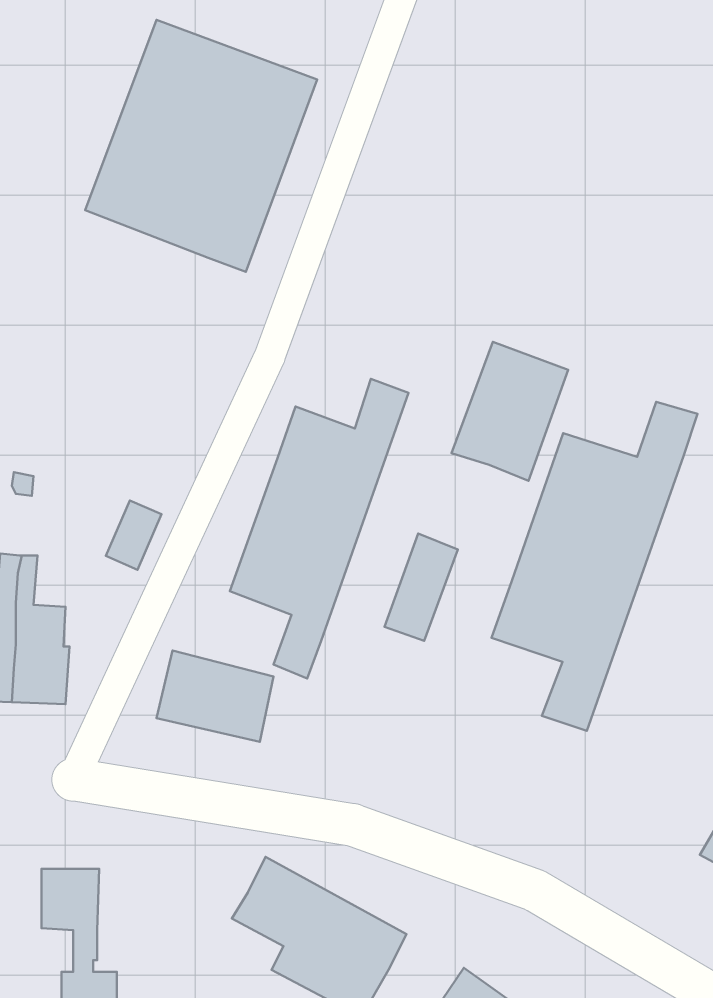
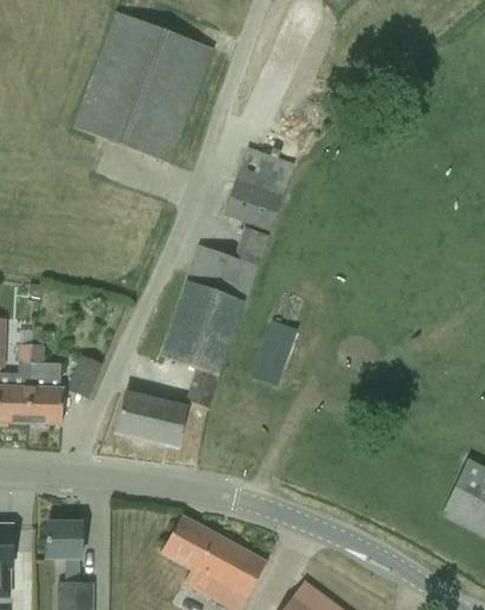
building: [451,342,568,481] -> [223,148,293,231]
building: [492,402,698,731] -> none
building: [106,500,161,570] -> [68,355,101,397]

